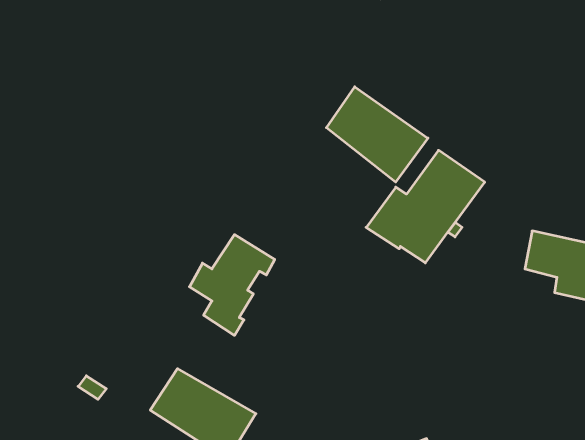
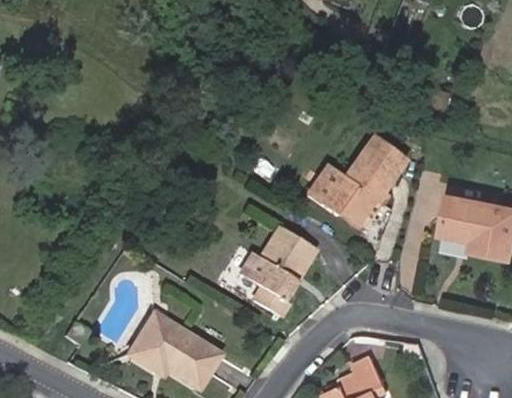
building: [326,87,428,182] -> none
building: [189,235,275,335] -> [241,229,313,314]

